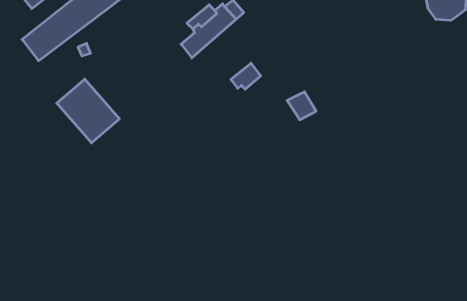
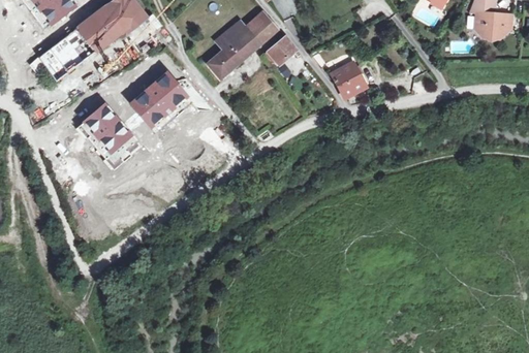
building: none -> [129,71,191,131]
building: [231,63,261,89] -> [263,37,295,65]
building: [287,92,316,120] -> [332,65,363,95]

